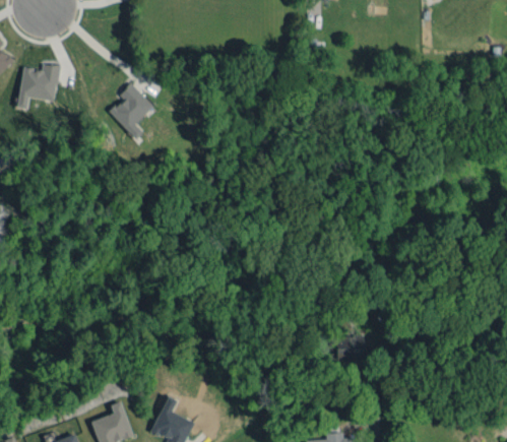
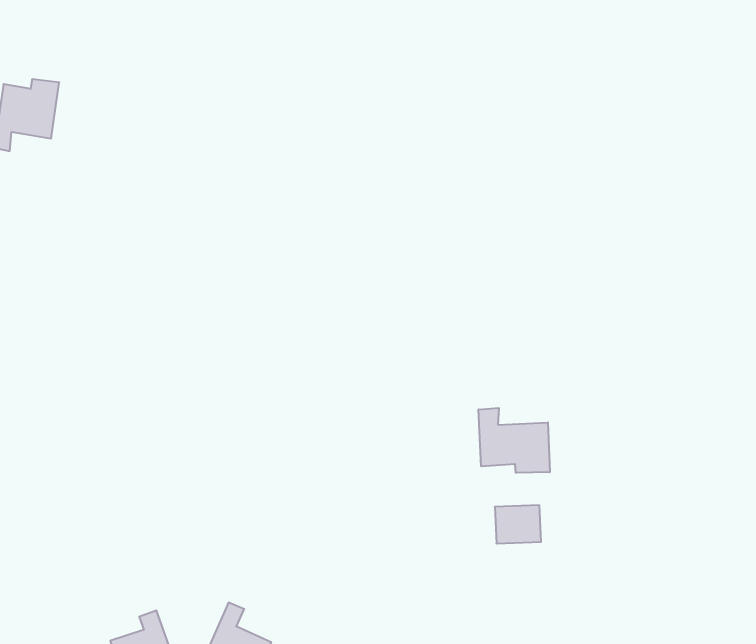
building: [109,84,153,140] -> none
building: none -> [479,408,550,473]

